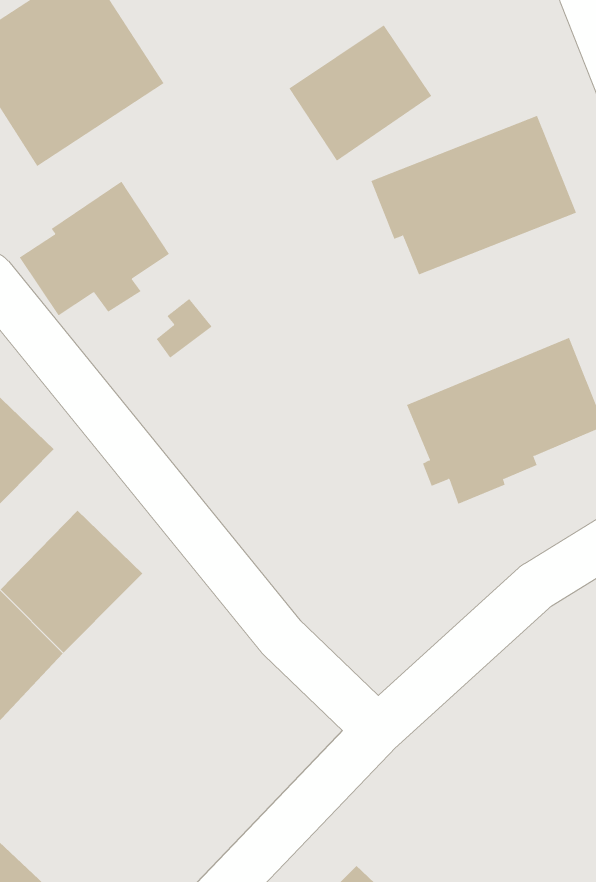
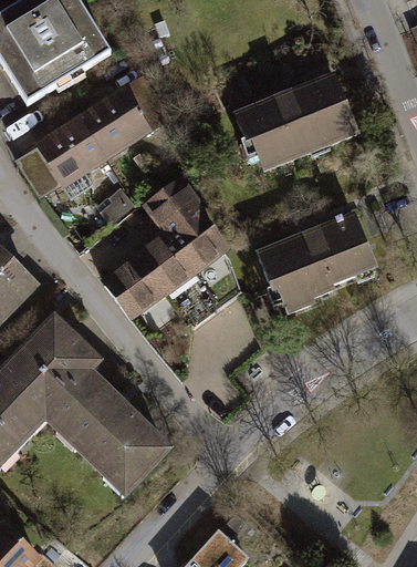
building: [288,25,432,161] -> [80,73,169,158]
building: none -> [104,179,232,319]
building: none -> [43,368,165,487]

